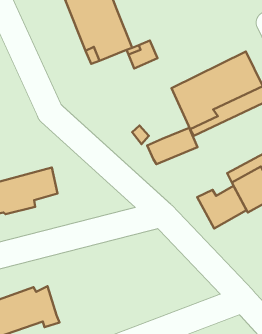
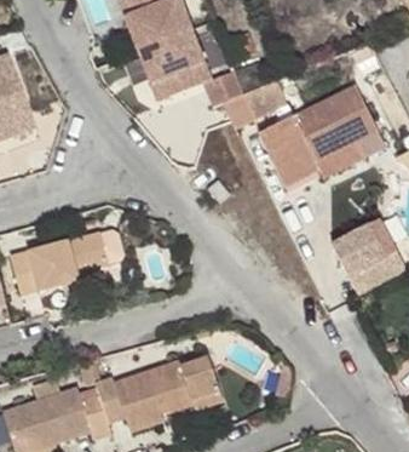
building: [147,128,197,164] -> [221,79,287,126]
building: [197,186,247,228] -> none
building: none -> [97,362,225,436]

